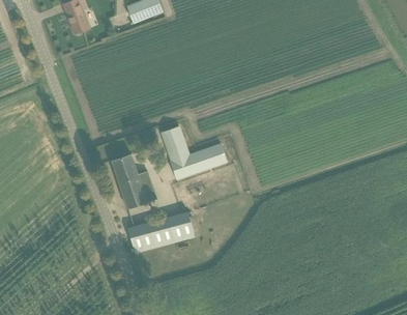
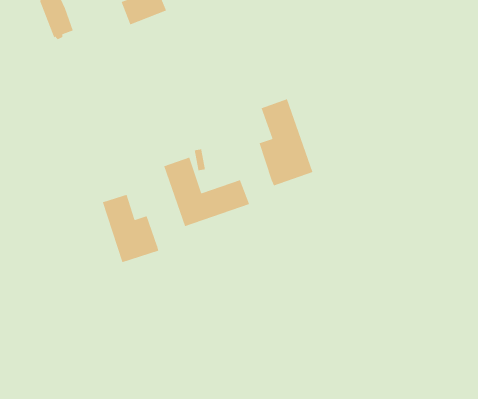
building: none -> [259,98,314,187]
building: [128,211,195,252] -> none

